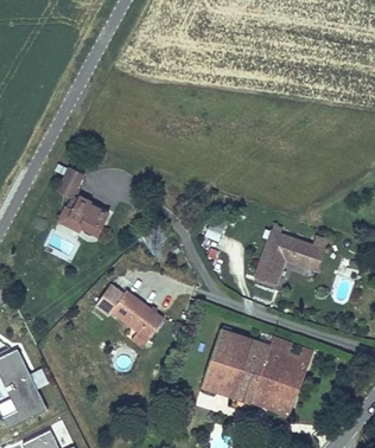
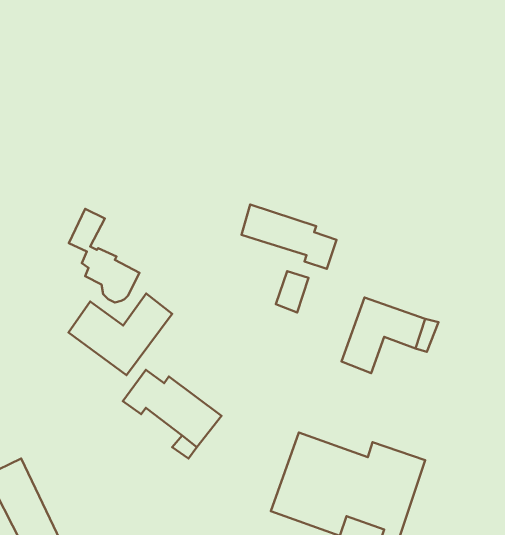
building: none -> [242,205,336,269]
building: none -> [68,294,172,375]

